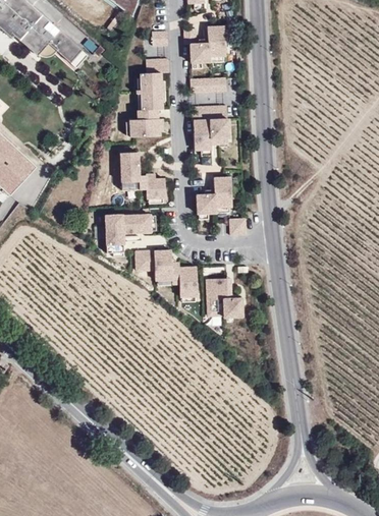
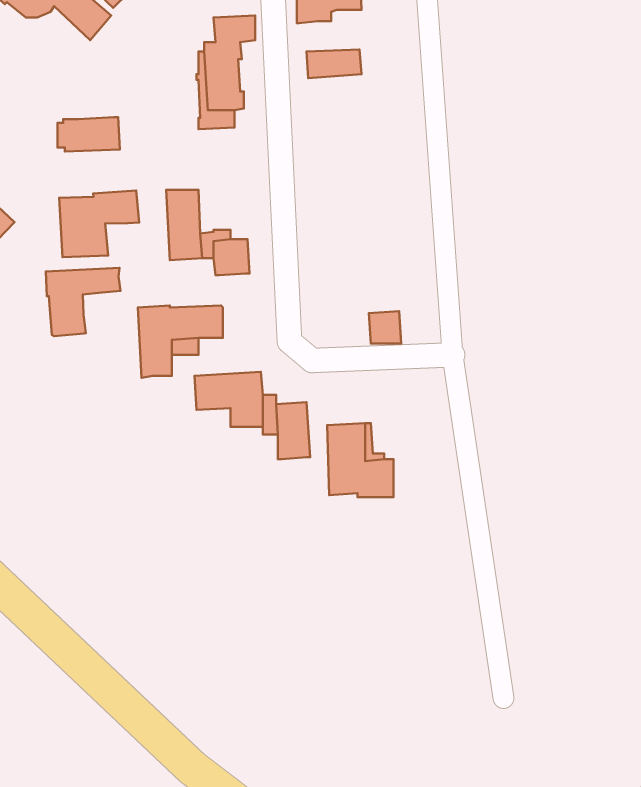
building: [194,105,232,149] -> none
building: [126,118,160,136] -> [57,117,120,151]
building: none -> [59,190,139,257]
building: [197,176,232,213] -> none
building: none -> [46,268,120,336]

